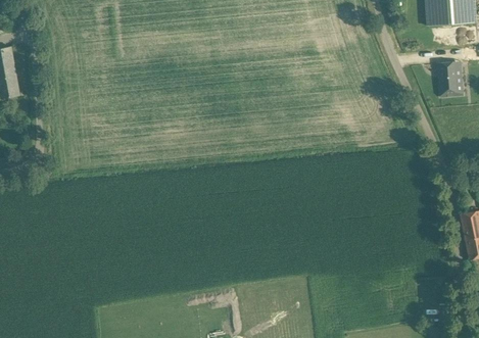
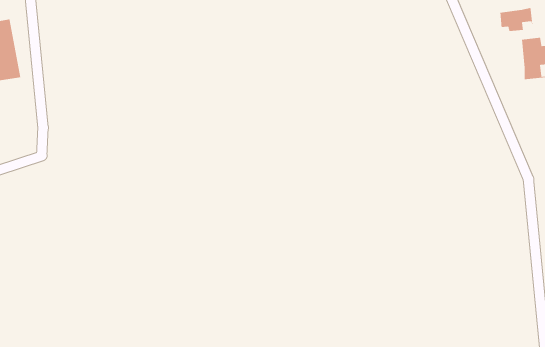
building: none -> [500,7,533,32]

